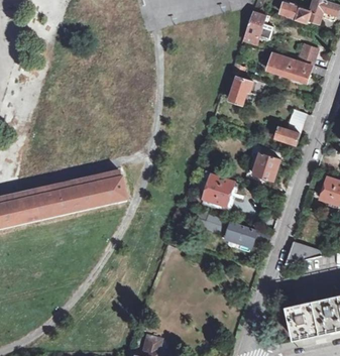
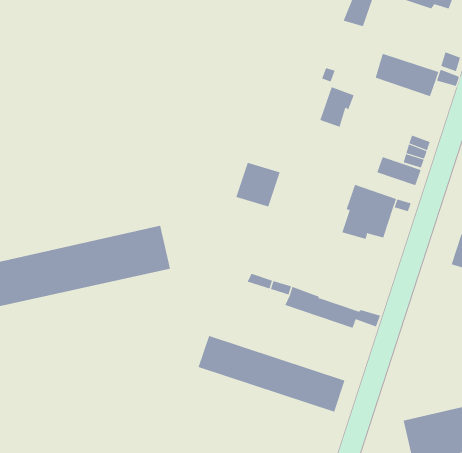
building: [203,175,234,207] -> [235,162,281,207]
building: [285,241,323,264] -> none
building: none -> [198,335,345,412]

